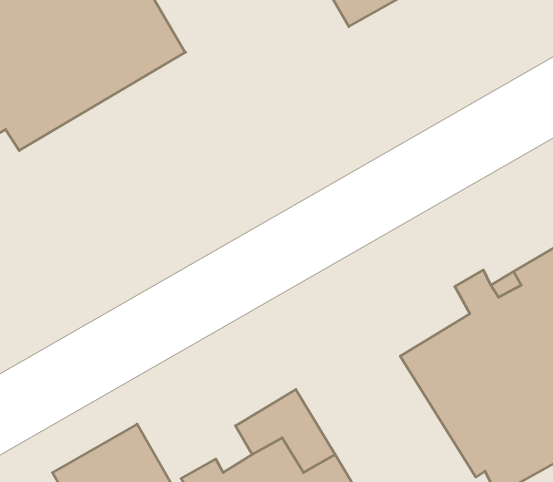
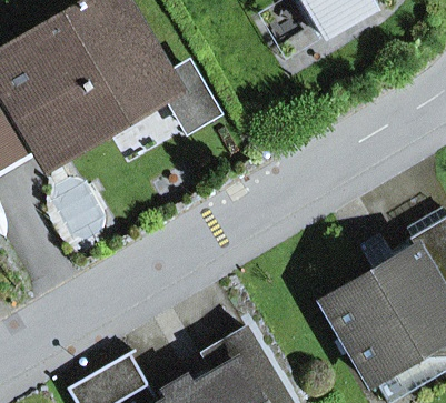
building: none -> [44,67,216,167]

